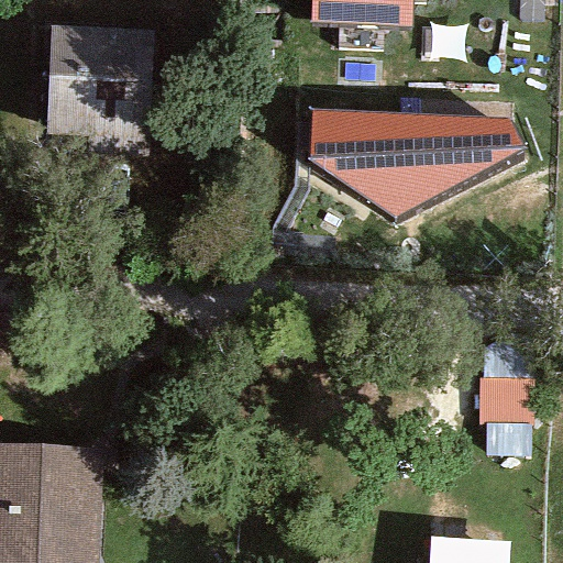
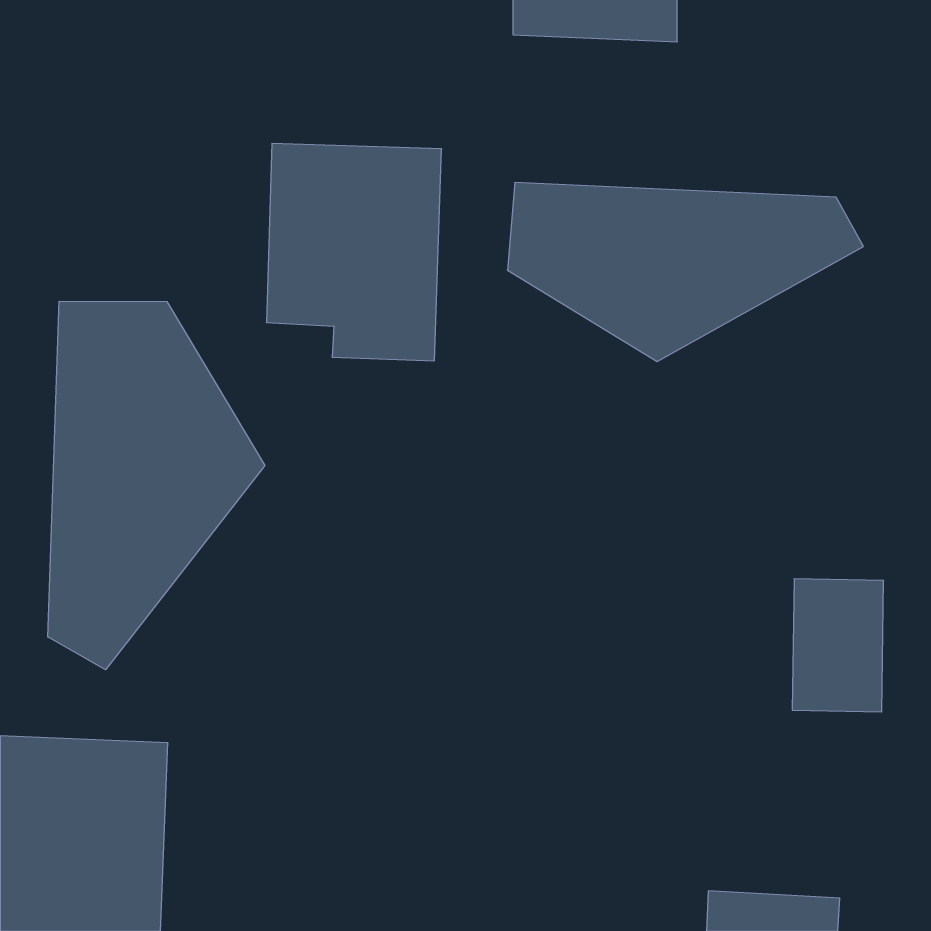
building: [46,25,152,156] -> [266,143,442,361]
building: none -> [48,301,265,670]

